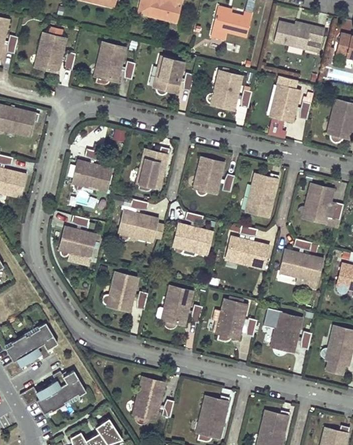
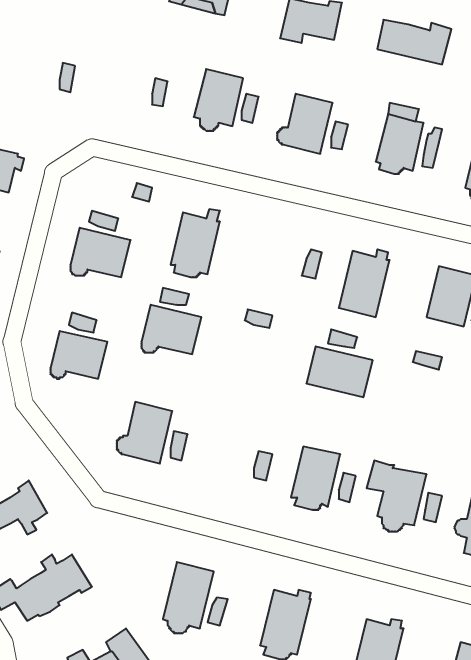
building: [34,34,66,73] -> none
building: [94,43,126,85] -> none
building: [193,156,225,196] -> none
building: [172,222,212,254] -> none
building: [280,248,323,281] -> none
building: [160,285,193,328] -> none

